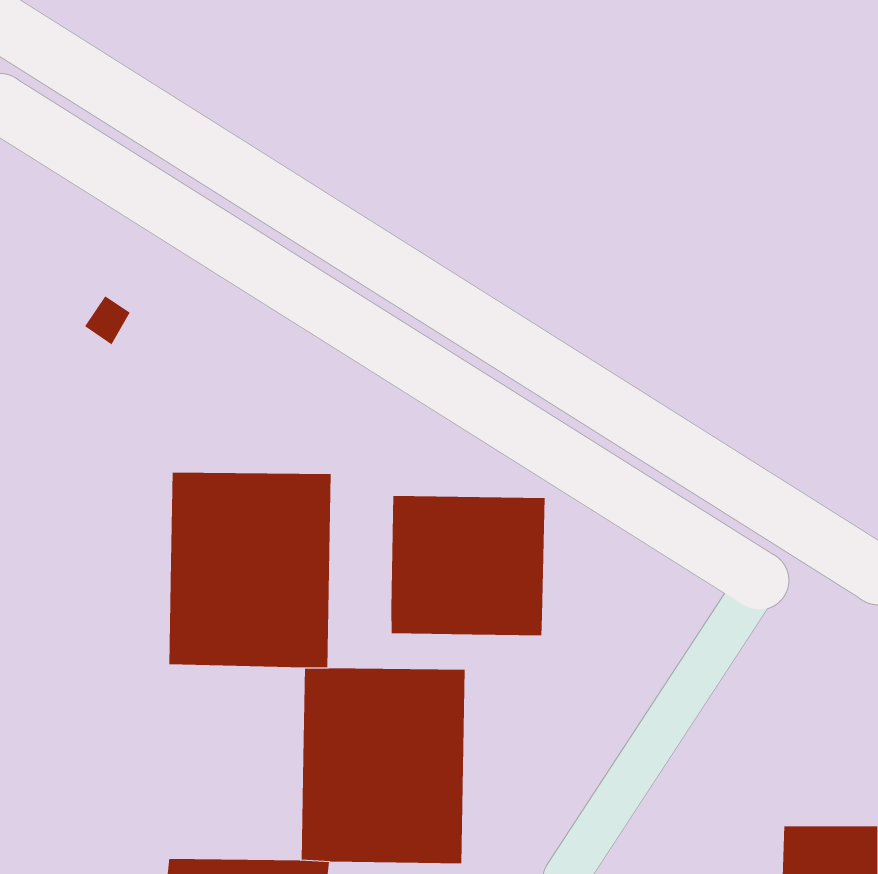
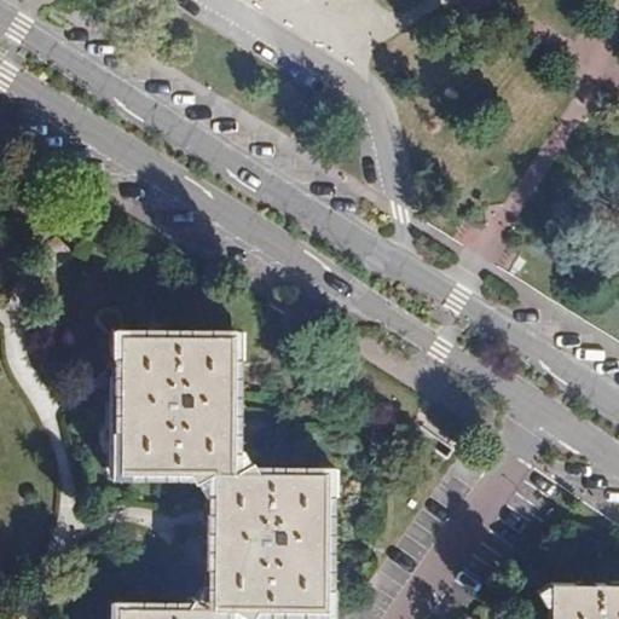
building: [391,495,545,636] -> none

